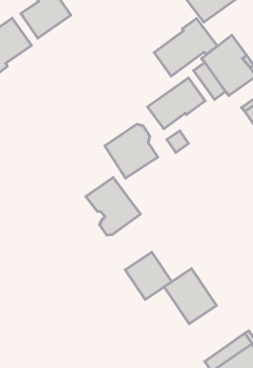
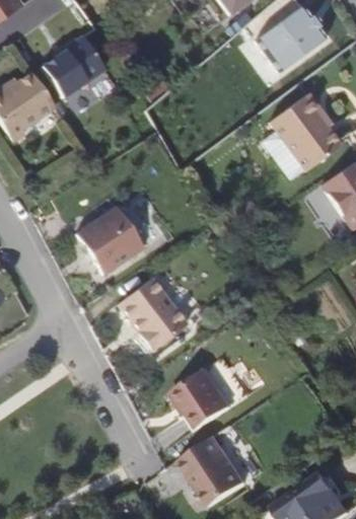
building: [154,18,218,76] -> none
building: [148,78,205,129] -> none
building: [105,124,158,178] -> [77,205,144,273]
building: [164,268,216,324] -> [181,435,246,505]

